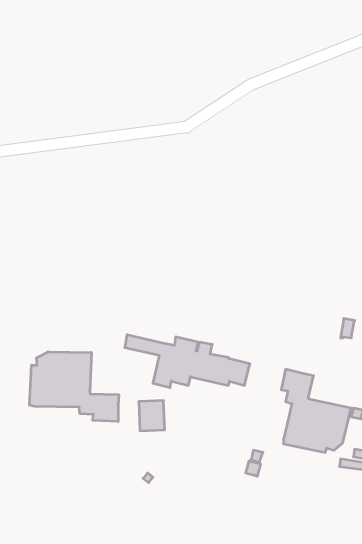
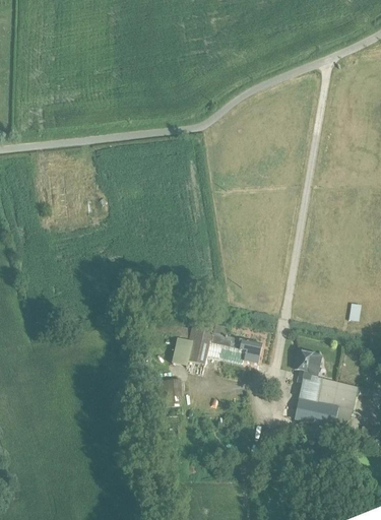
building: [30,352,119,422] -> none

